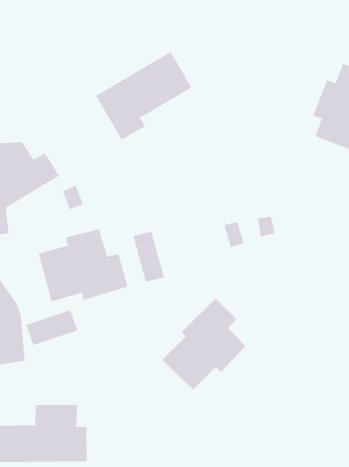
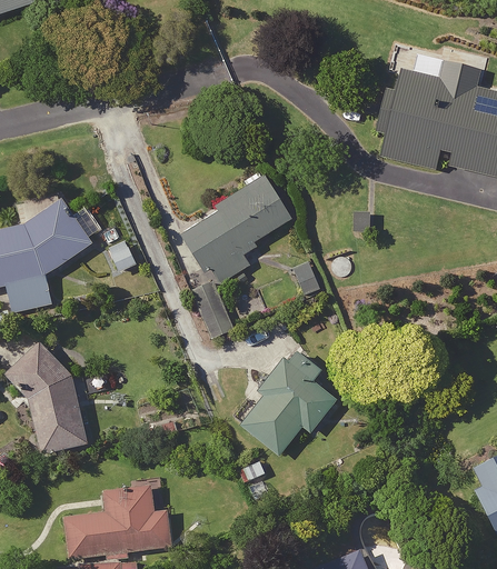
building: [95,51,192,141] -> [181,177,288,282]
building: [38,229,128,302] -> none
building: [25,310,78,346] -> none

